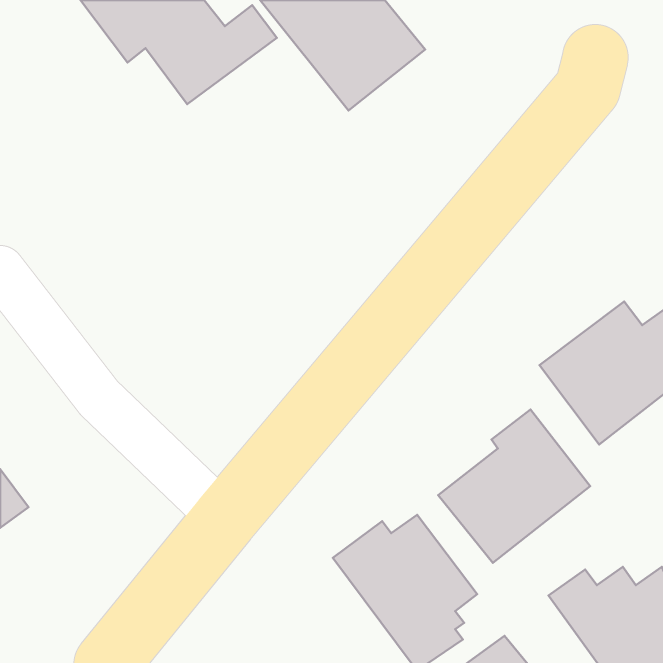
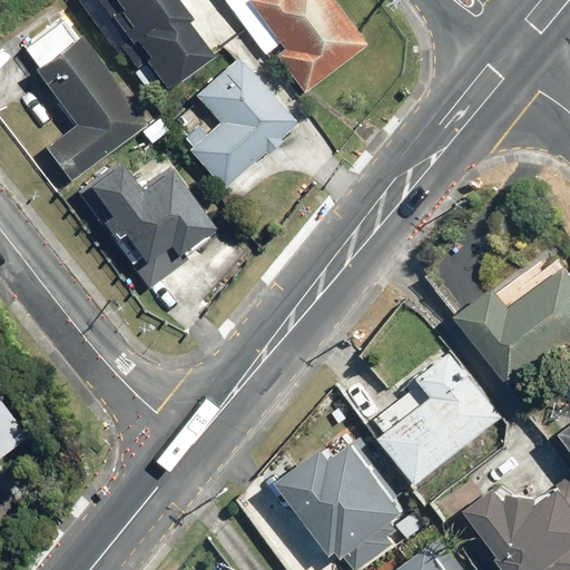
building: none -> [20,11,146,180]
building: none -> [183,53,295,187]
building: none -> [71,155,222,288]

